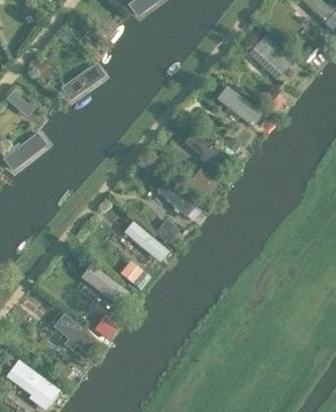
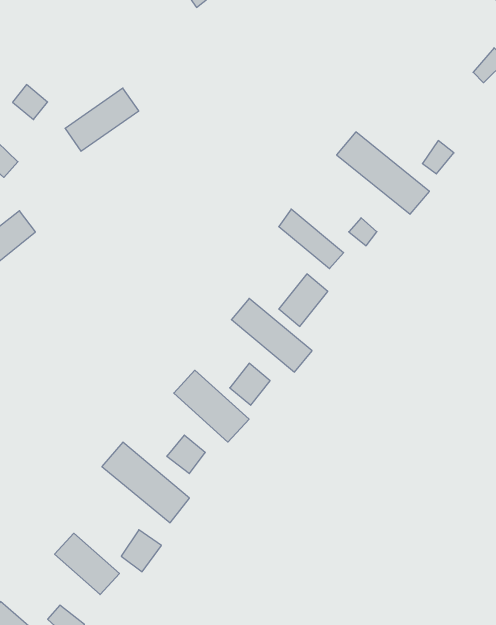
building: [249,37,297,85] -> none

